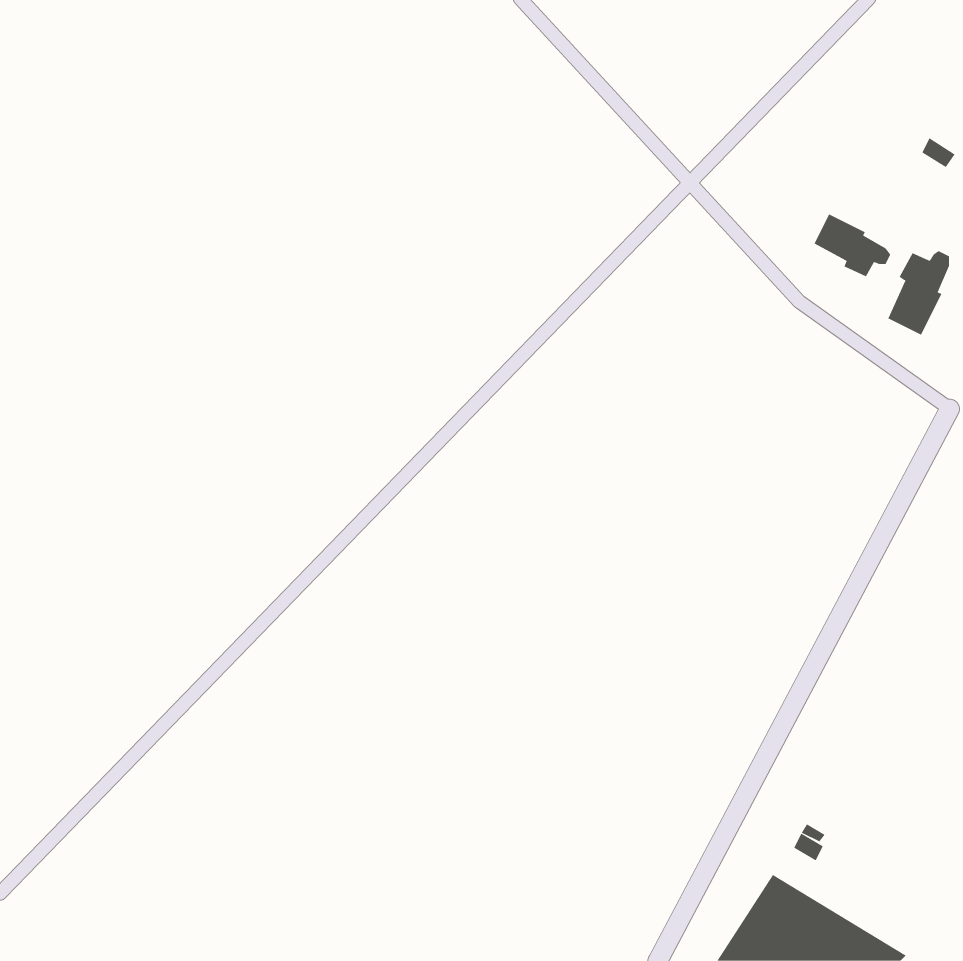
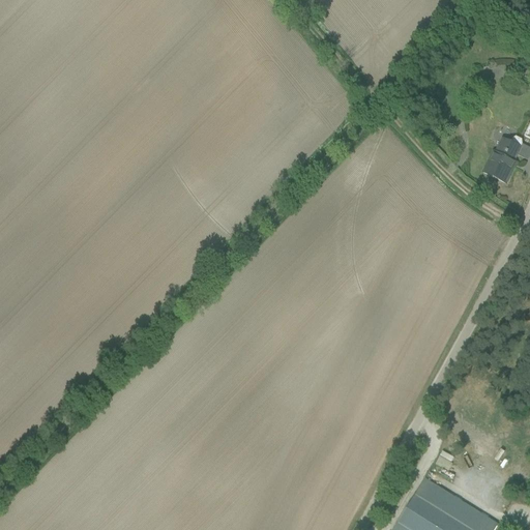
building: [814,214,891,277] -> none

